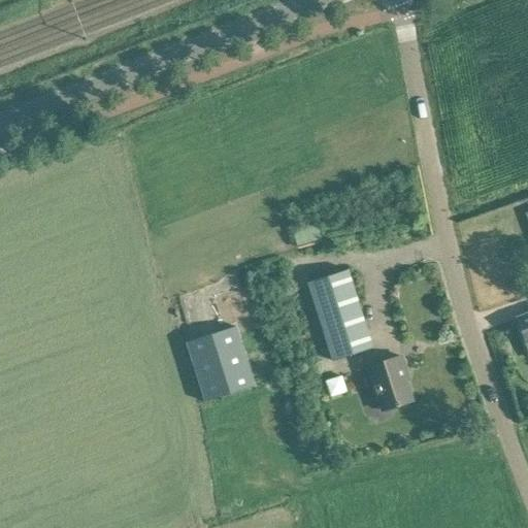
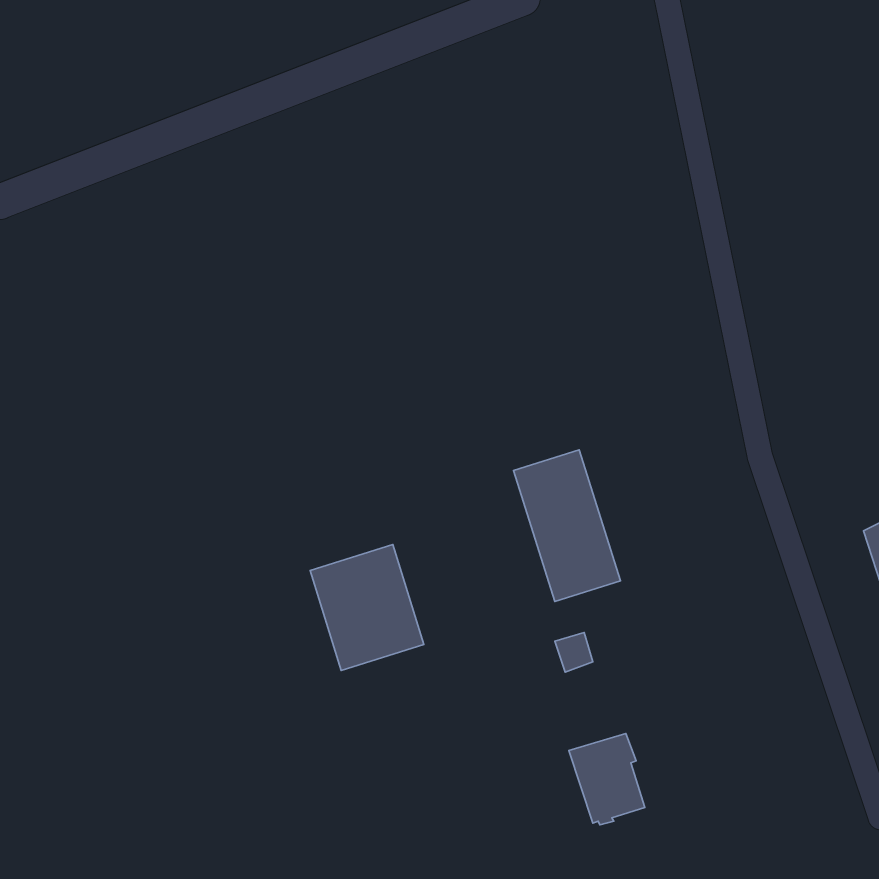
building: [367,356,412,410] -> [569,733,645,825]

